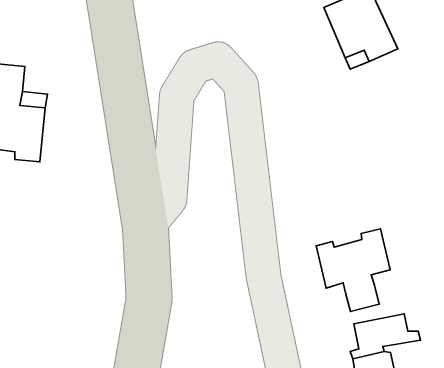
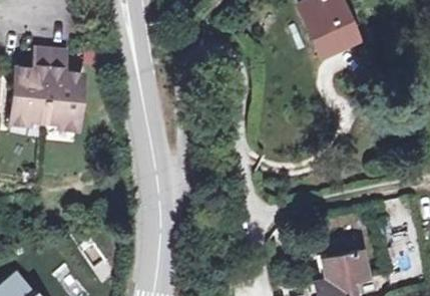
building: [316,229,390,311] -> none

